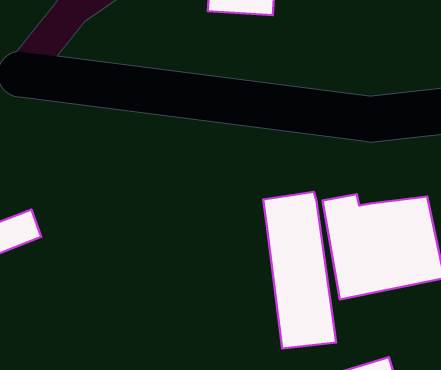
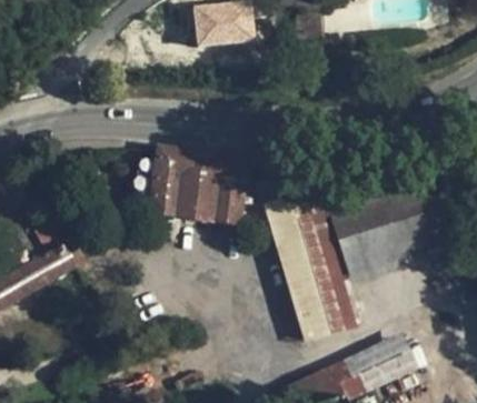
building: none -> [149,148,245,224]

